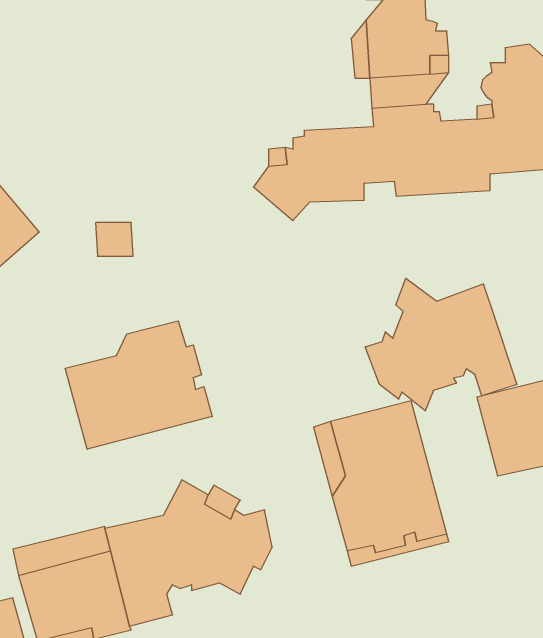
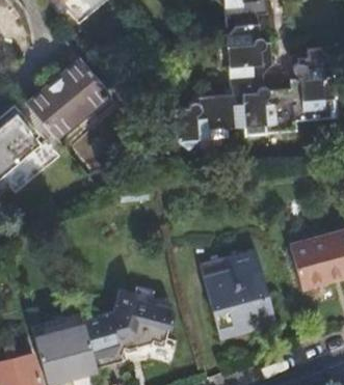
building: none -> [33,60,110,135]
building: [365,278,517,411] -> none
building: [65,321,212,449] -> none

